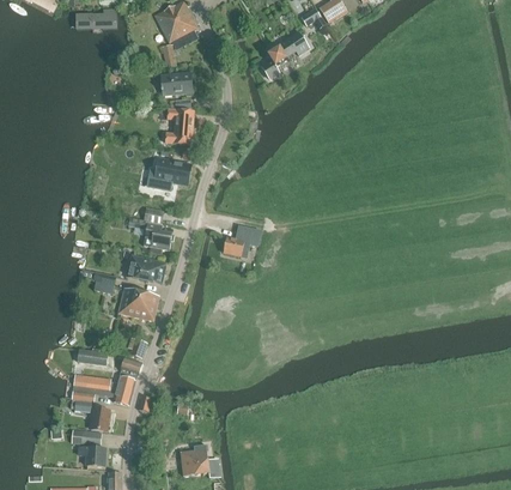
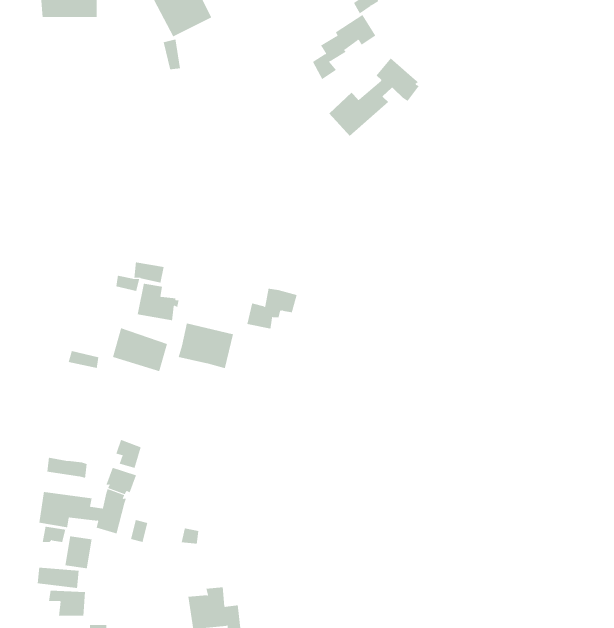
building: none -> [329,58,420,137]
building: [160,73,191,95] -> none
building: [165,109,194,145] -> none
building: [147,158,191,190] -> none
building: [117,288,158,321] -> [178,323,234,369]

